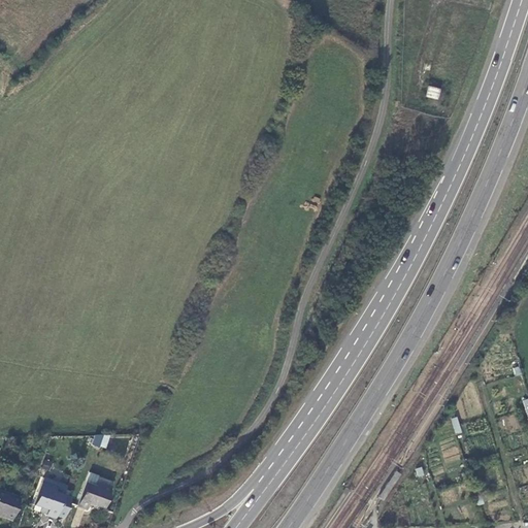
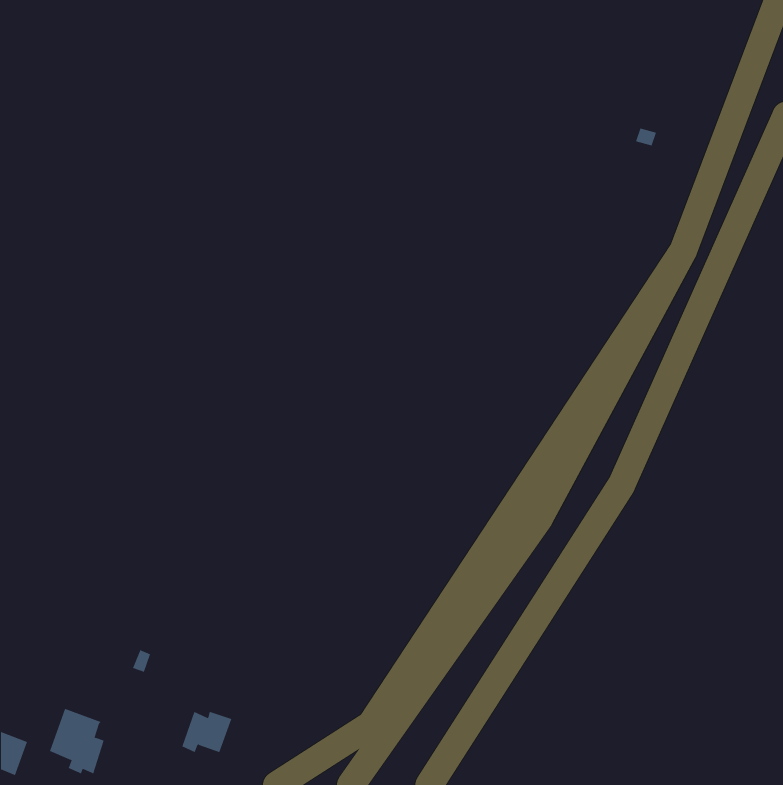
building: [78,482,112,509] -> [181,711,232,753]

